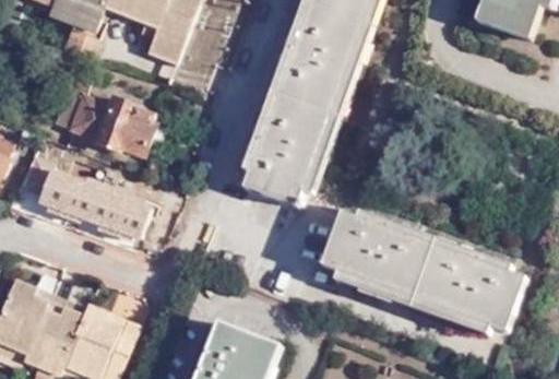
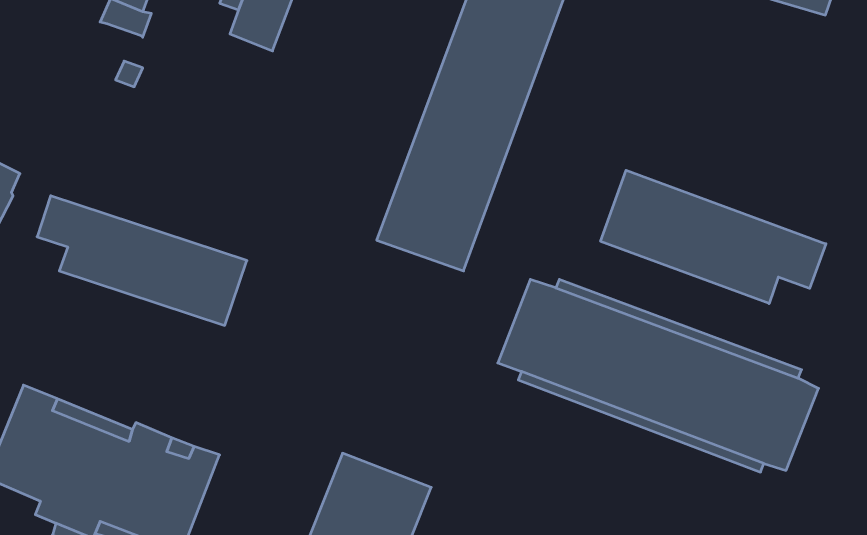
building: [56,87,156,152] -> none
building: none -> [601,170,826,304]

